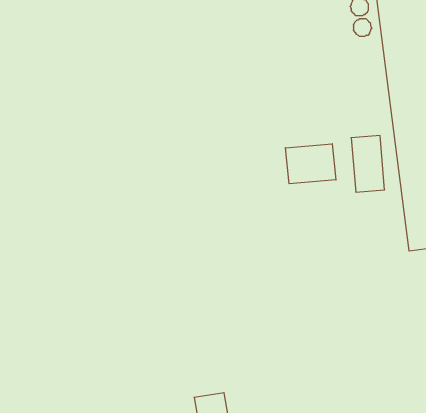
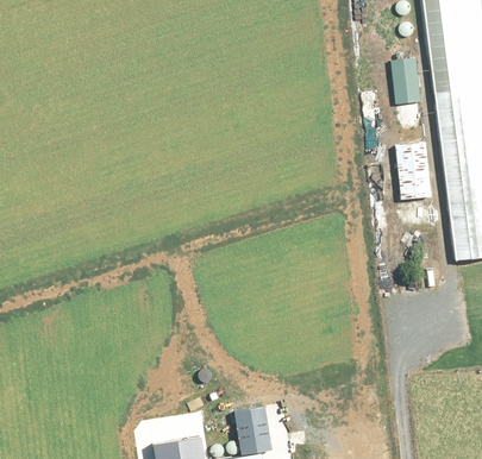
building: none -> [393,58,421,103]
building: [285,144,336,184] -> none

